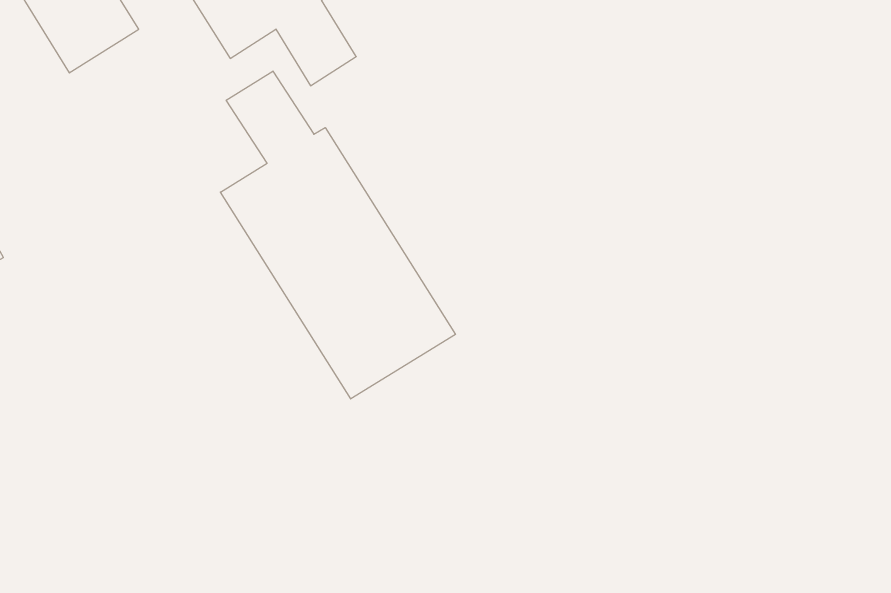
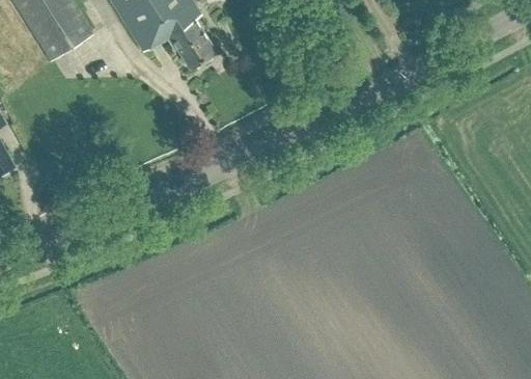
building: [220,71,455,399] -> none

